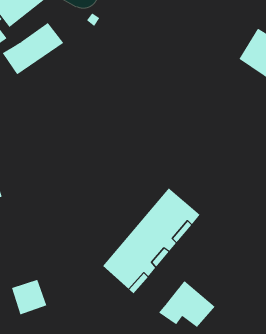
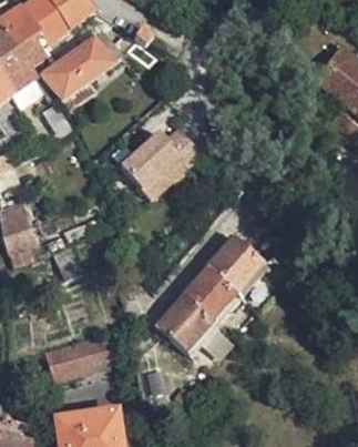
building: none -> [120,125,202,189]
building: [158,280,216,328] -> none

